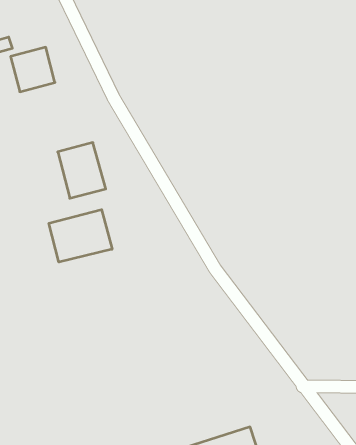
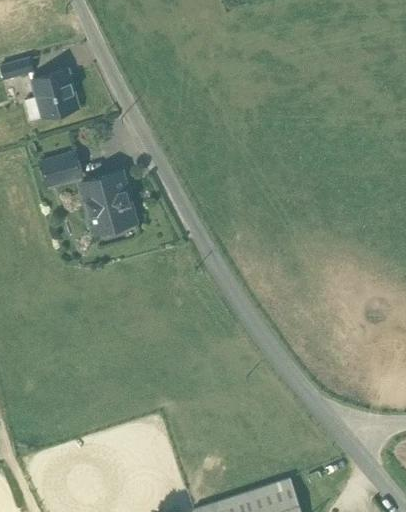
building: none -> [40,153,82,186]
building: [49,210,112,262] -> none

